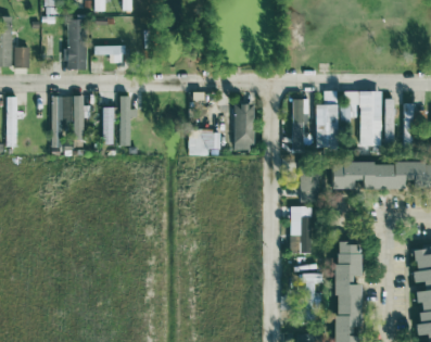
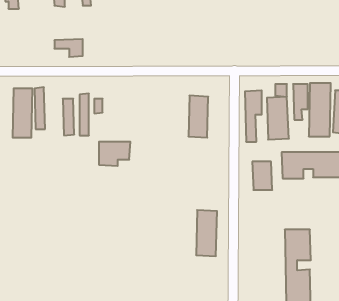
building: [67,18,87,68] -> none
building: [190,130,223,155] -> [99,142,130,166]
building: [291,205,313,253] -> [196,210,217,256]

